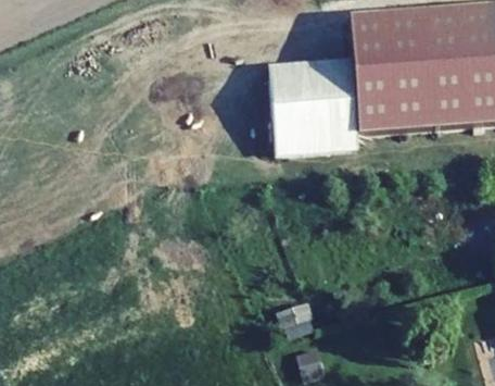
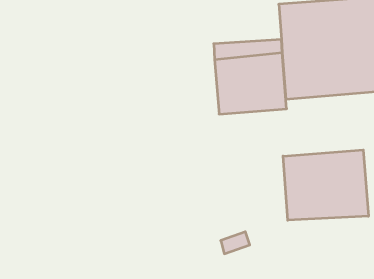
building: none -> [283,150,368,220]

